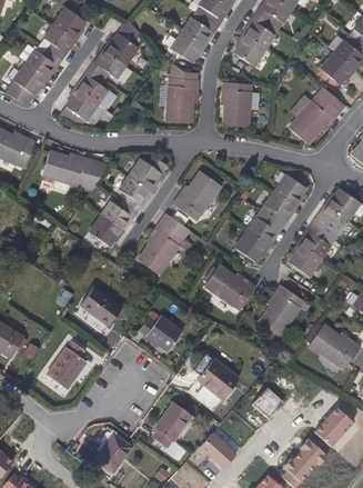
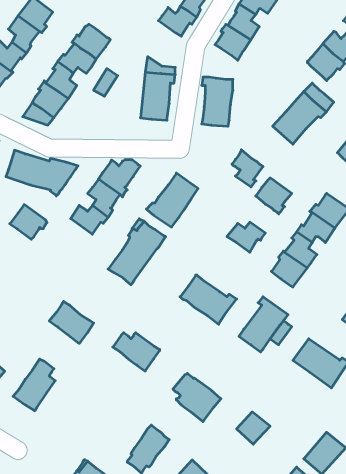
building: [170,28,204,60] -> none
building: [263,190,292,225] -> [232,150,263,187]
building: [88,211,122,243] -> [10,205,47,239]
building: [233,228,268,260] -> none

